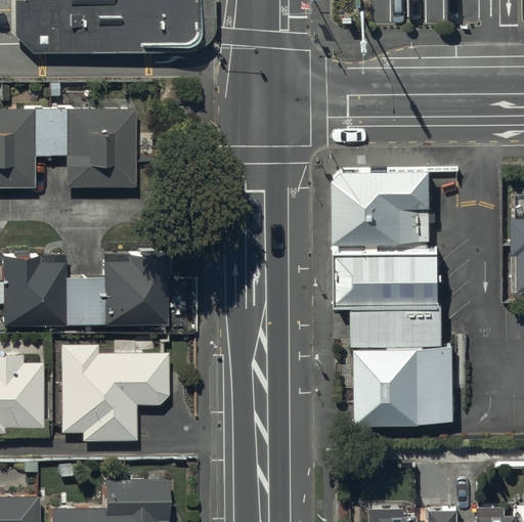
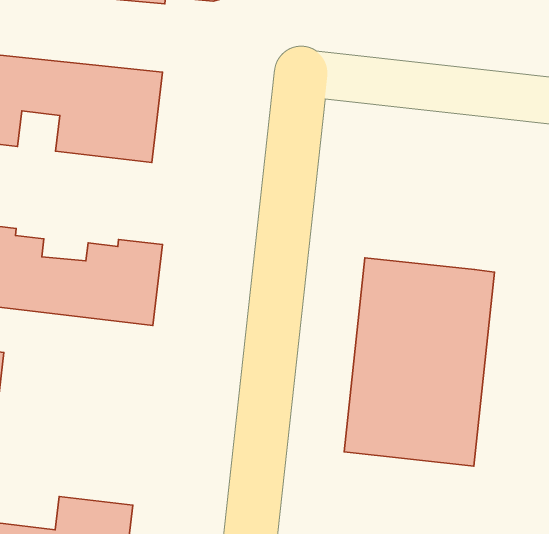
building: [338,166,433,247] -> none
building: [60,345,167,439] -> none

